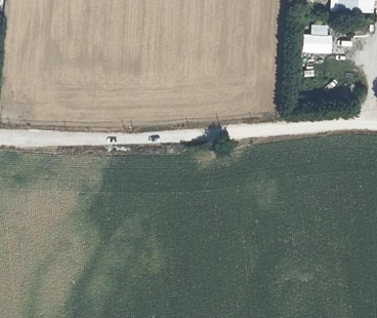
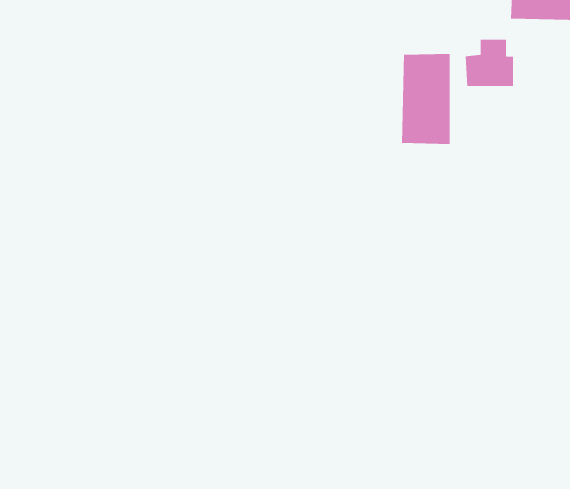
building: none -> [401,53,450,145]

